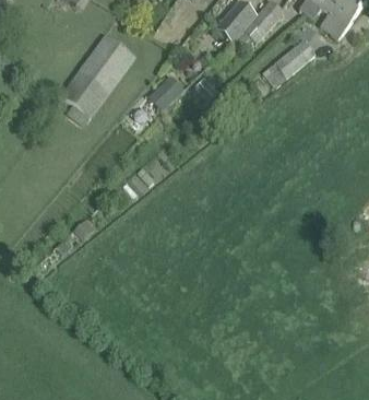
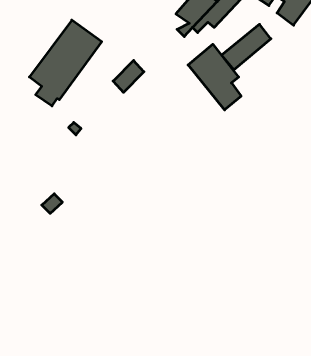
building: none -> [188,44,241,110]

